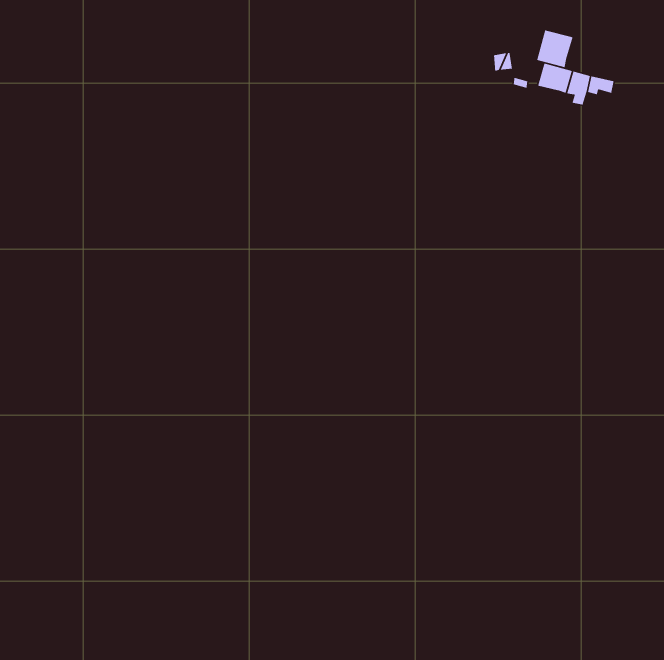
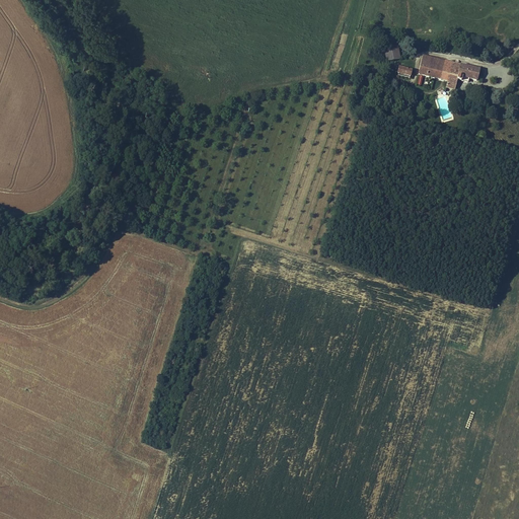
building: [536,30,573,68] -> none

